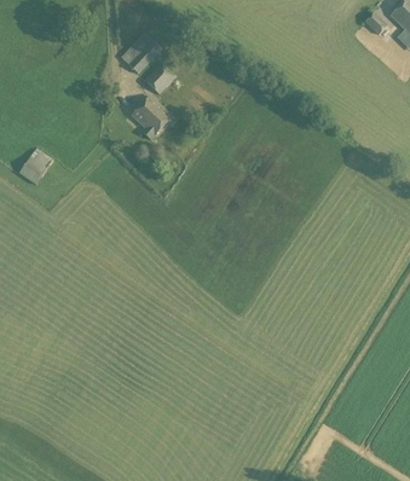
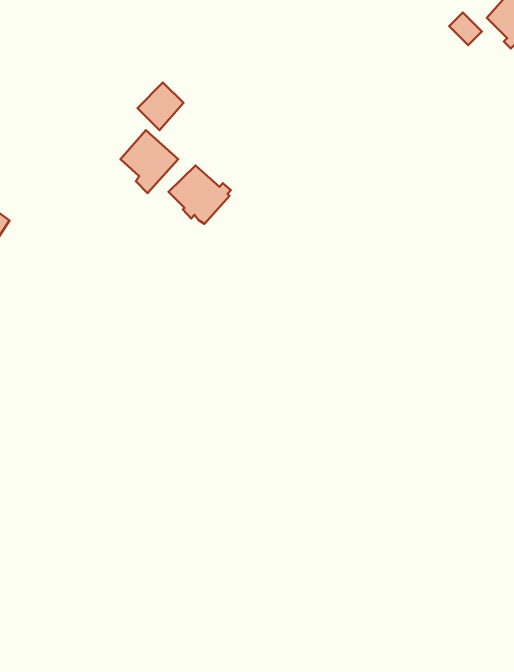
building: [119,31,160,73] -> none
building: none -> [169,166,231,224]

